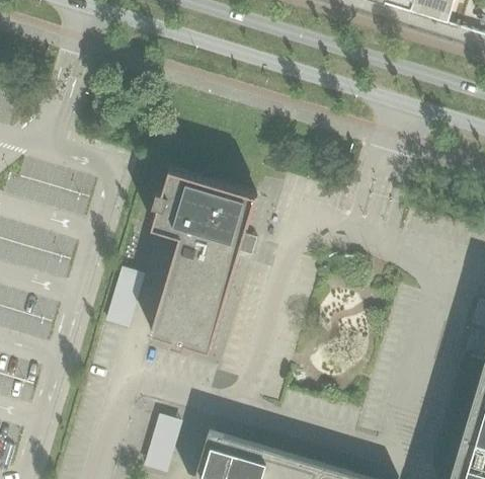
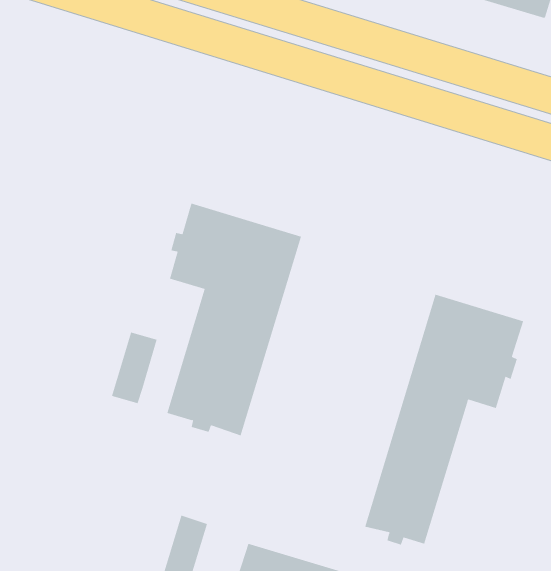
building: none -> [364,294,524,545]

